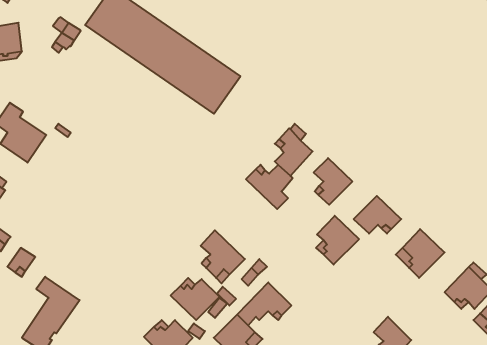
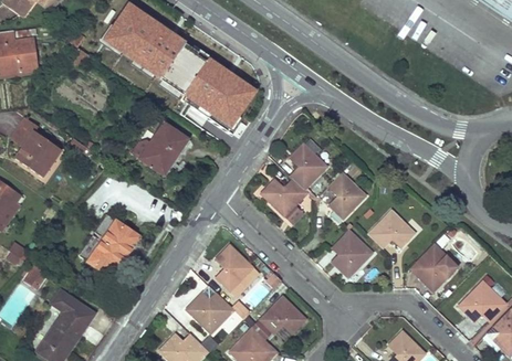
building: none -> [139,123,188,176]
building: none -> [79,214,139,277]

